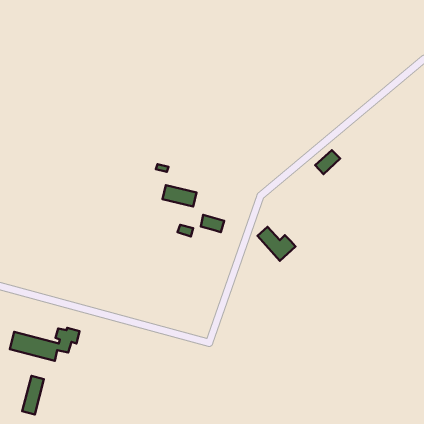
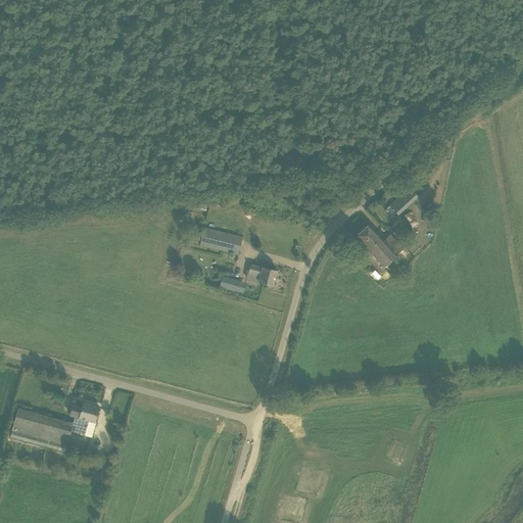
building: [257,227,296,261] -> [355,225,402,267]
building: [22,376,44,415] -> none

